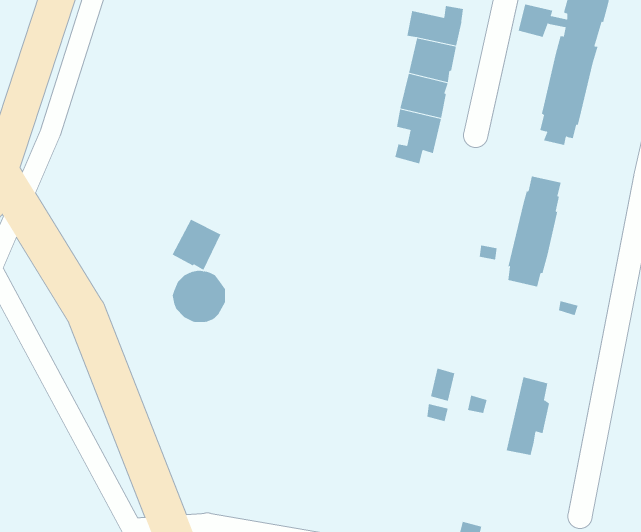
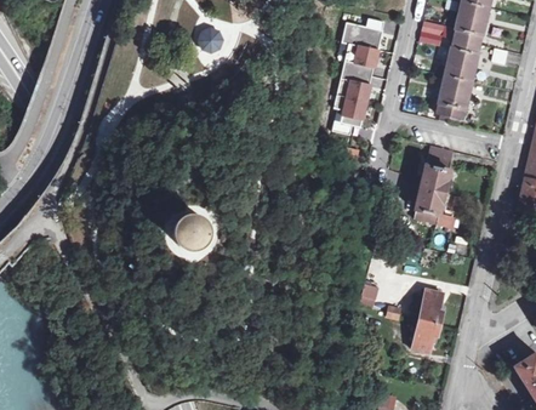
building: [172,219,221,271] -> none

